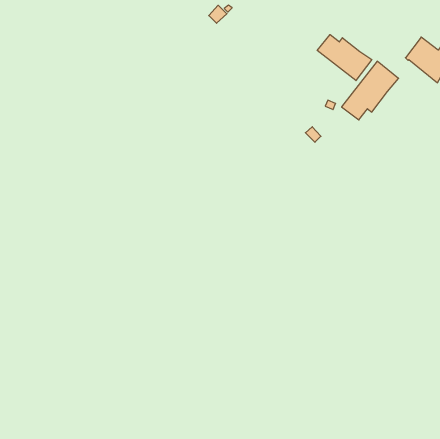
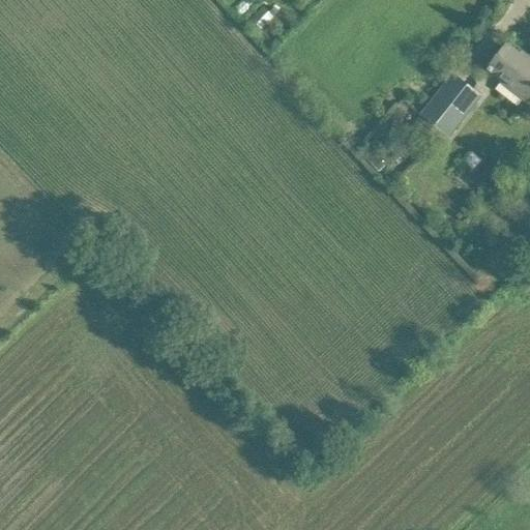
building: [317,35,372,81] -> none

